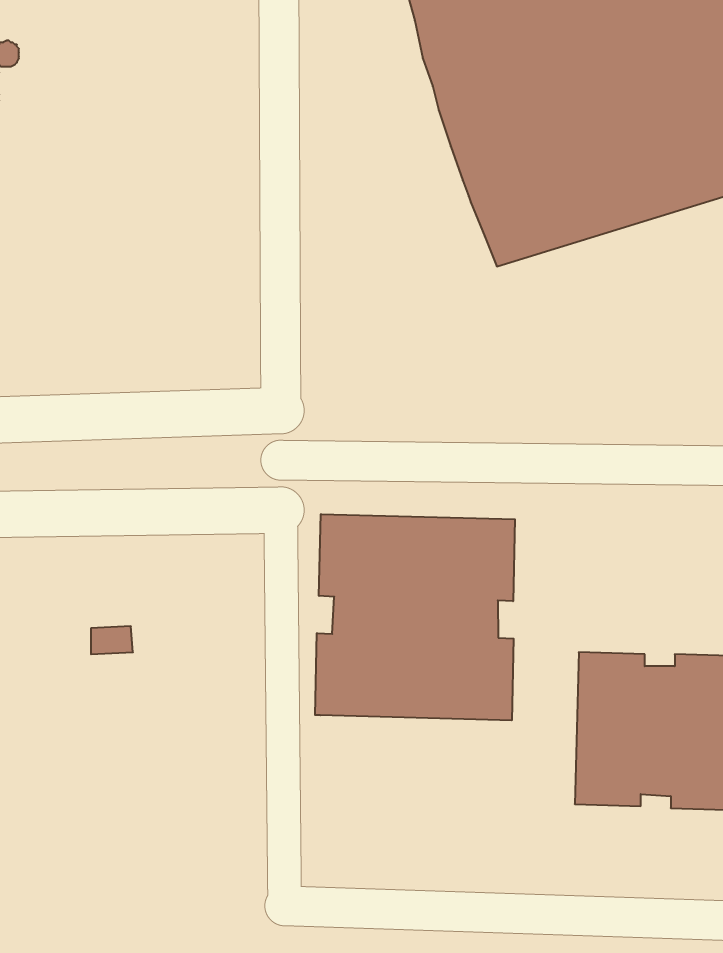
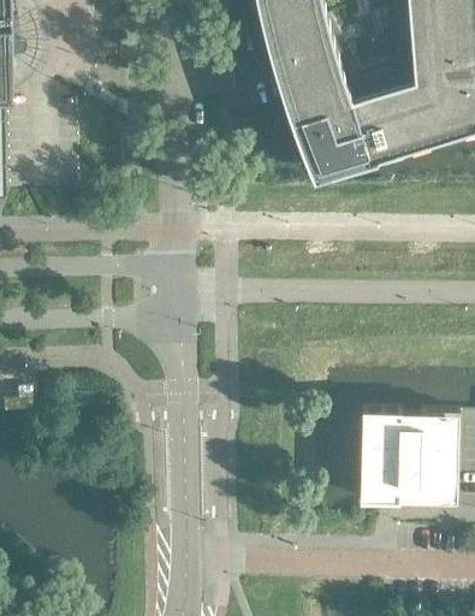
building: [315,514,515,720] -> none

